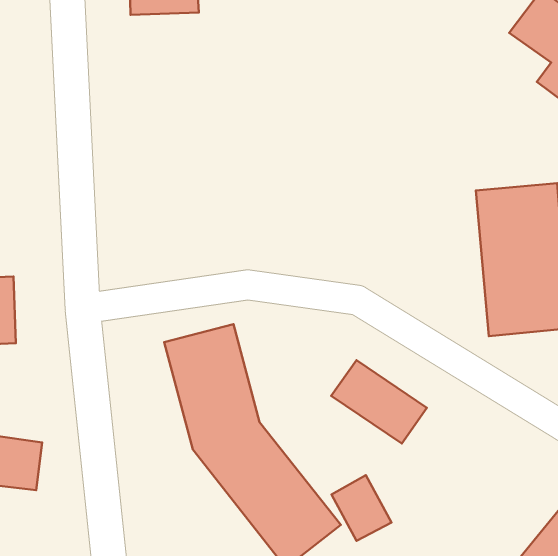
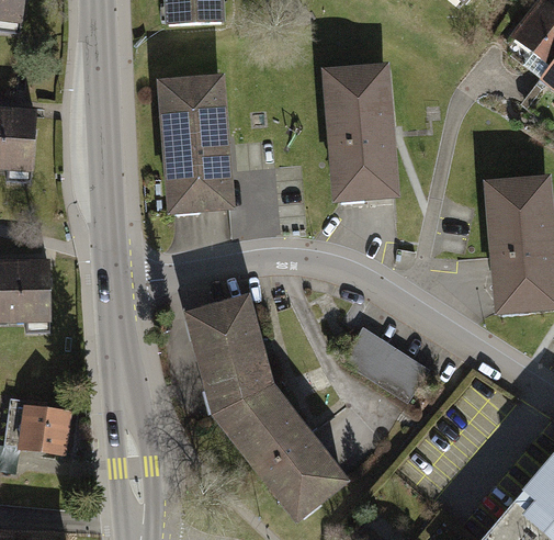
building: none -> [318,60,395,198]
building: none -> [152,72,233,209]
building: [332,475,391,541] -> none

